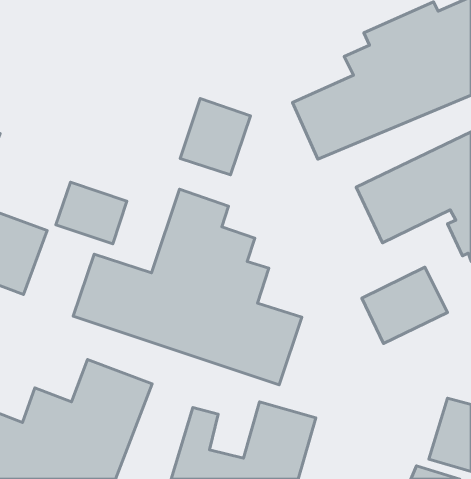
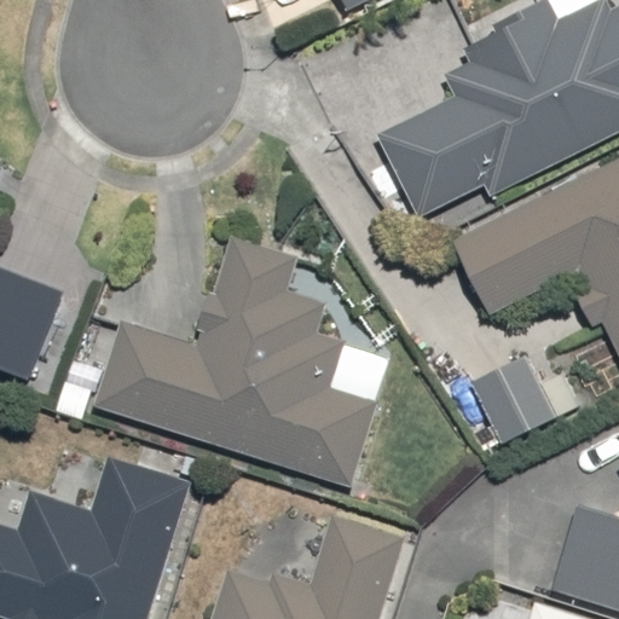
building: [180,99,251,175] -> none
building: [56,182,127,244] -> none

